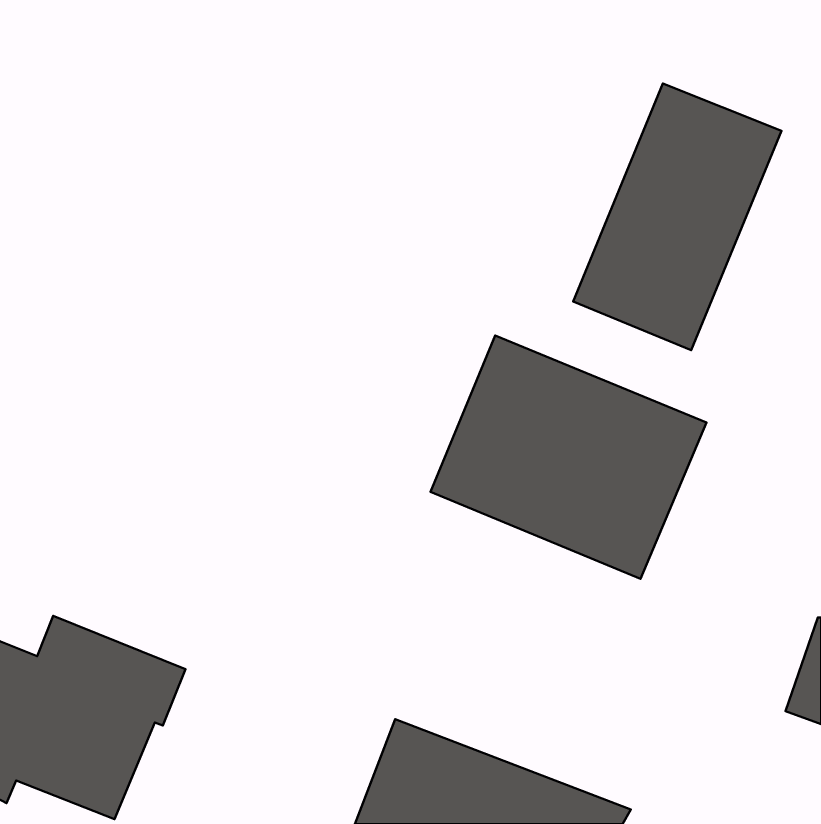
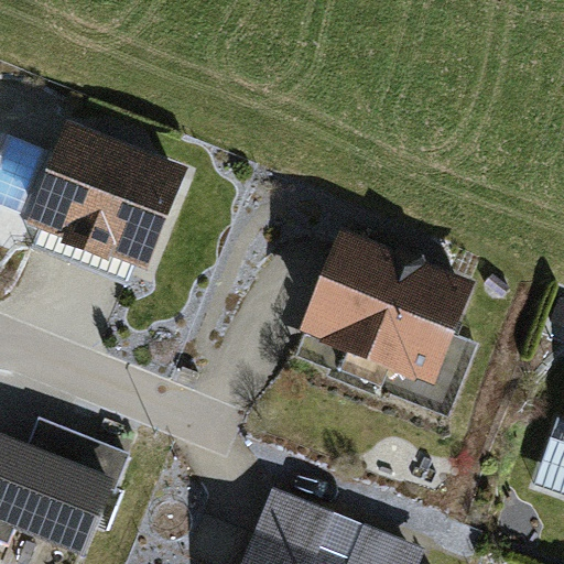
building: [573,84,782,350] -> none
building: none -> [26,119,189,270]

